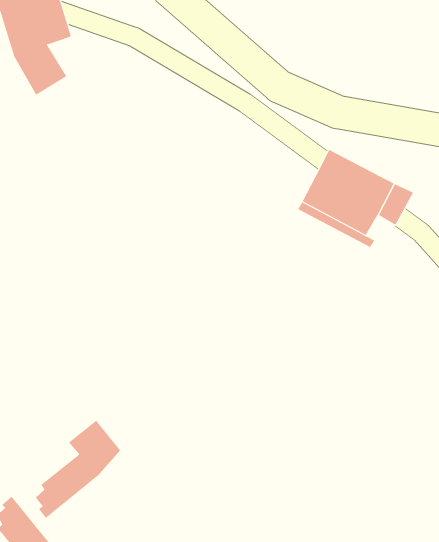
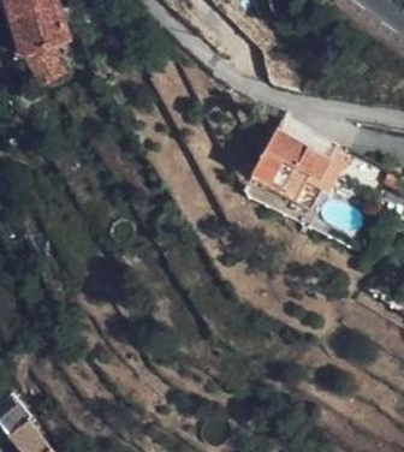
building: [35,420,121,519] -> none

